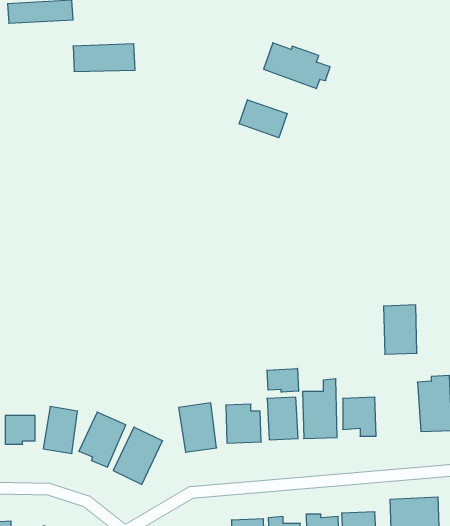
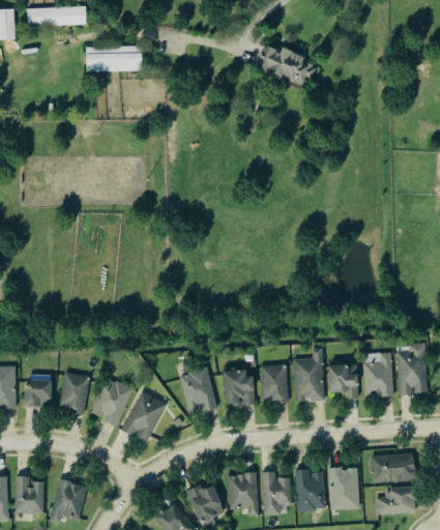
building: [239,100,287,138] -> none
building: [384,305,417,354] -> [362,353,392,398]
building: [267,368,299,392] -> none

